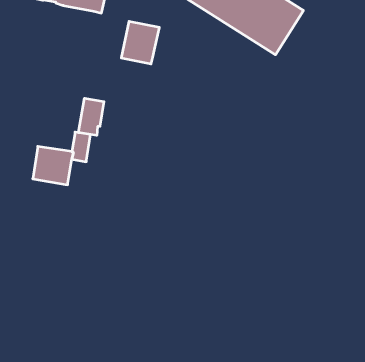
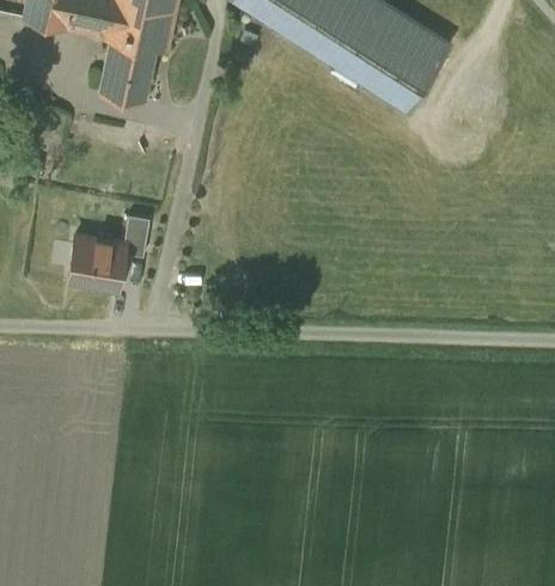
building: [121,21,159,64] -> [100,36,154,96]
building: [79,98,104,135] -> none

